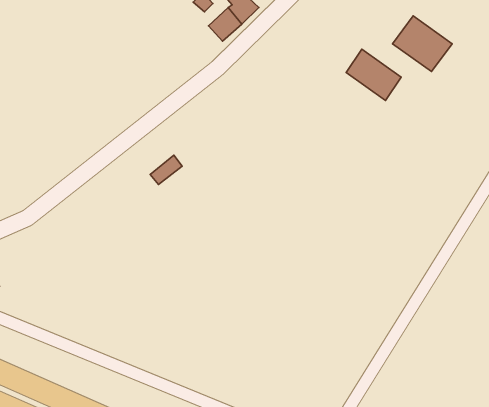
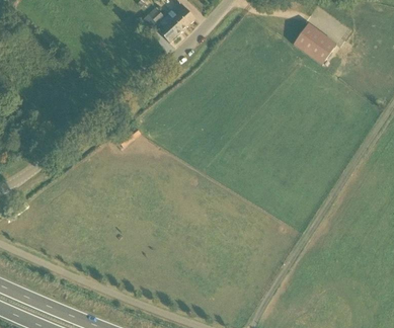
building: [346,49,401,101] -> none

